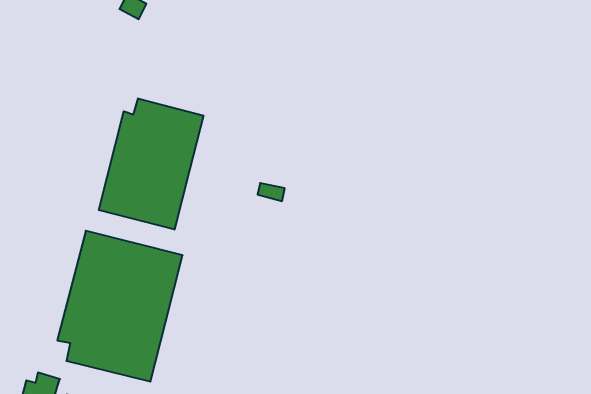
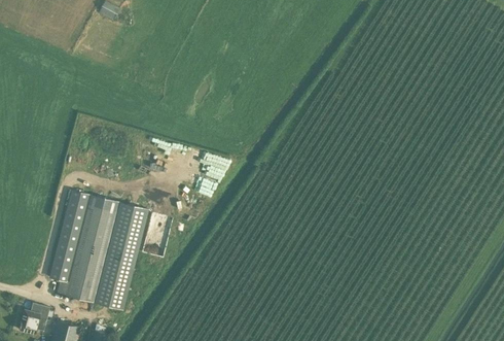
building: [99,98,203,230] -> none

